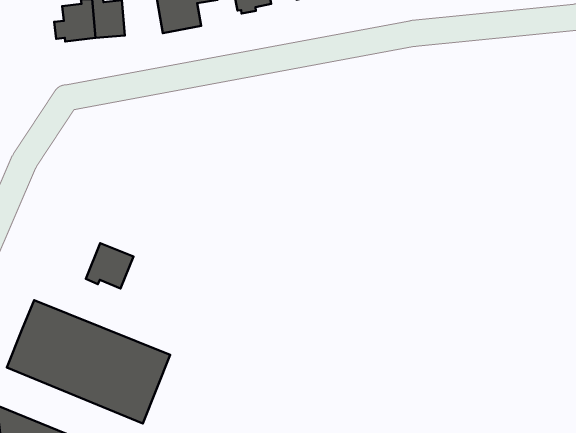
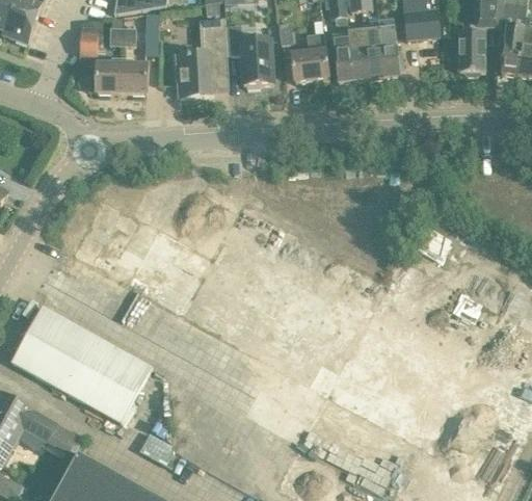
building: [86,243,133,289] -> none

